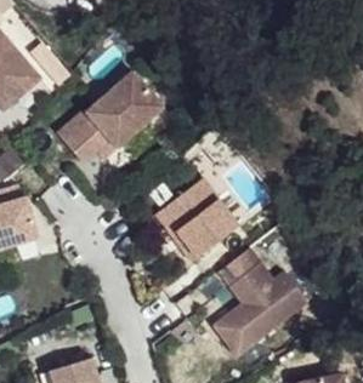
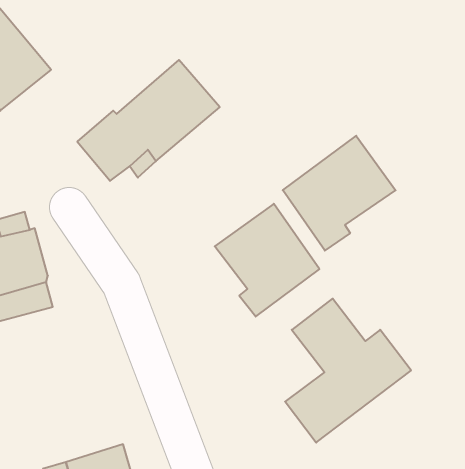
building: none -> [283,136,396,251]

